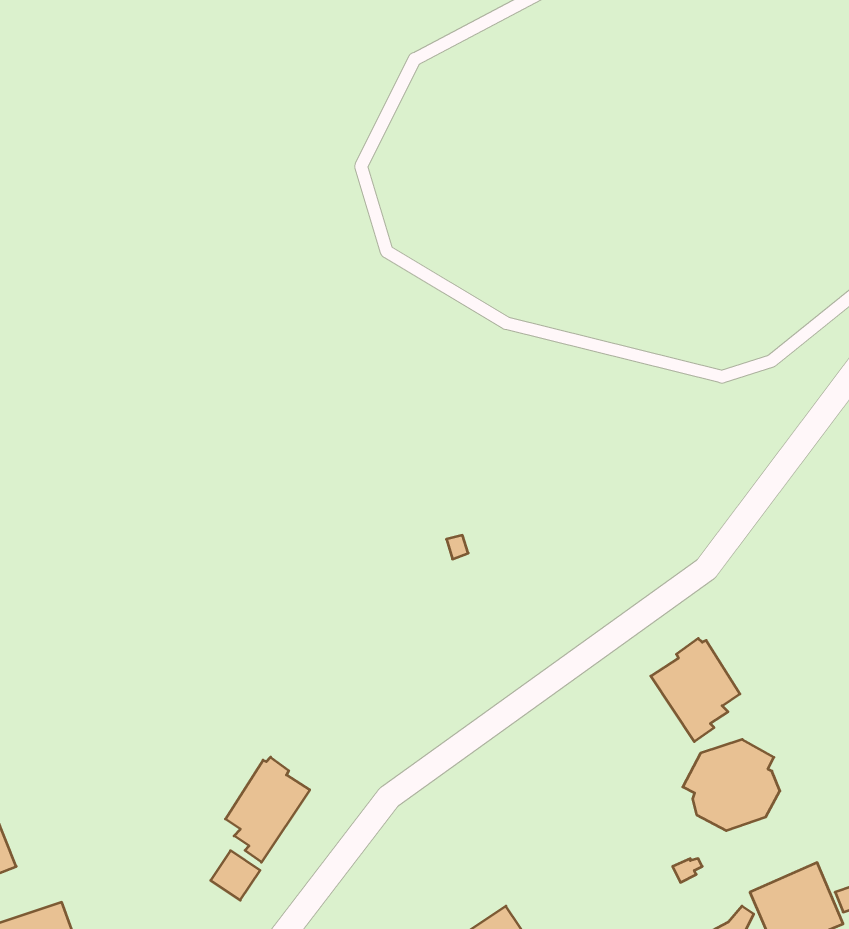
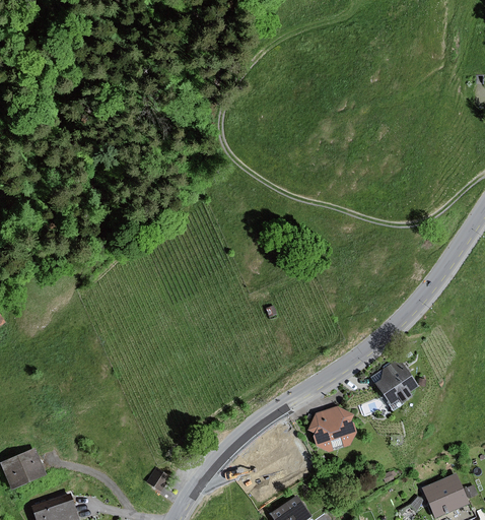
building: [683,739,780,831] -> [307,406,357,453]
building: [225,757,310,862] -> none

